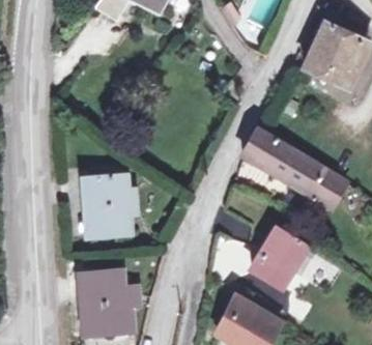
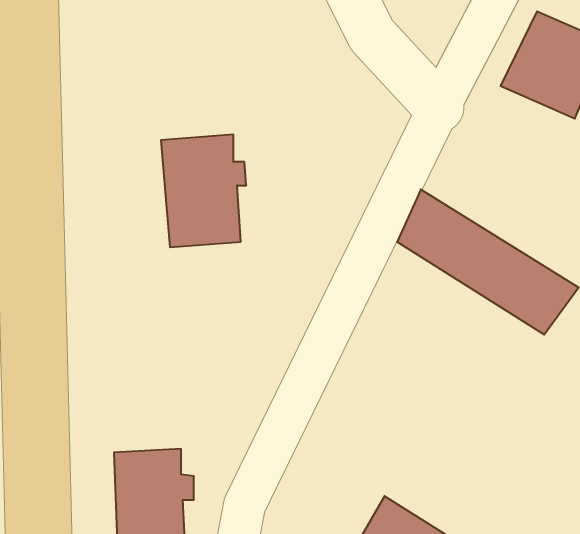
building: [87,173,136,237] -> [161,135,246,247]
building: [251,229,314,291] -> none

